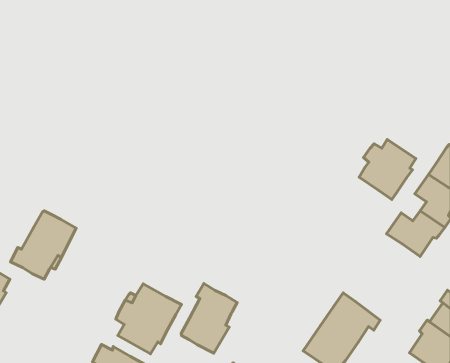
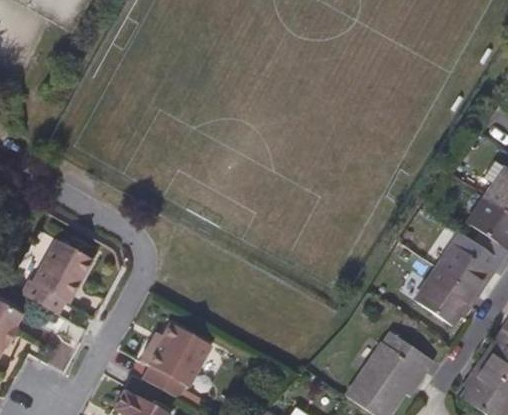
building: [359,140,416,200] -> none
building: none -> [414,266,477,325]
building: [181,283,237,353] -> none

